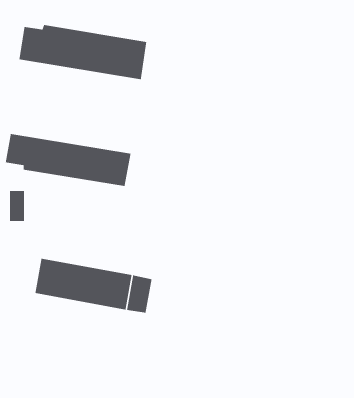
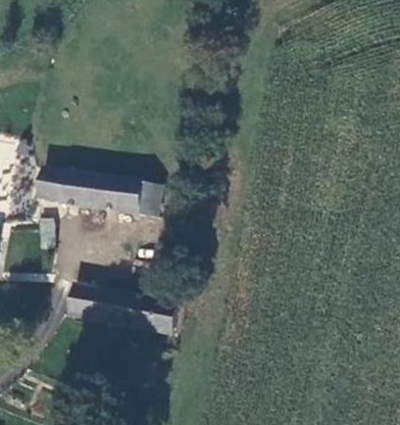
building: [19,24,147,80] -> none

